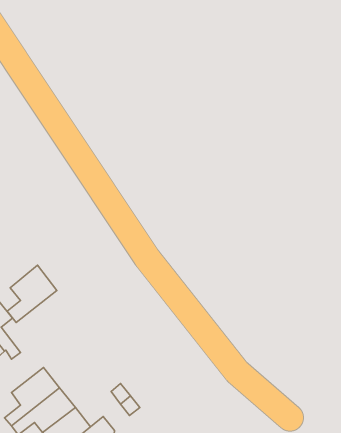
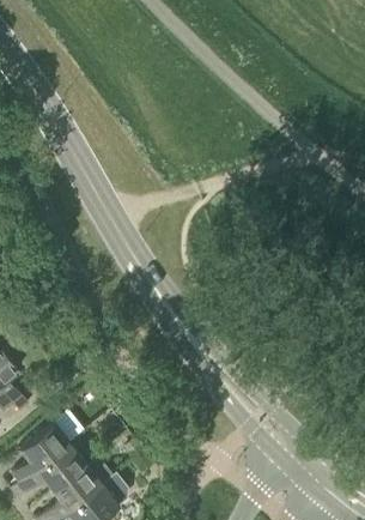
building: [7,265,57,322] -> none

